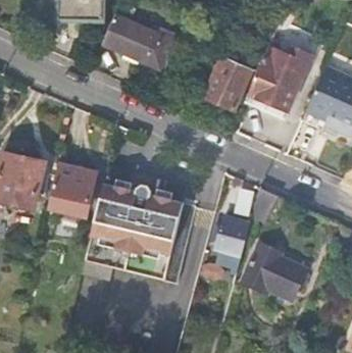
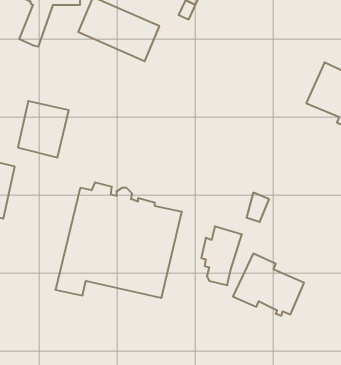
building: [243,47,311,120] -> none
building: [203,57,251,110] -> none
building: [48,168,94,219] -> [18,101,69,158]

